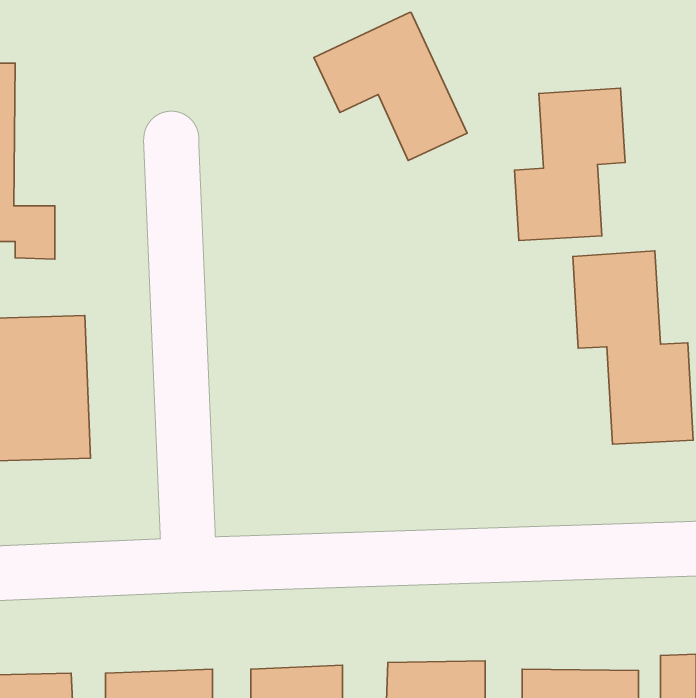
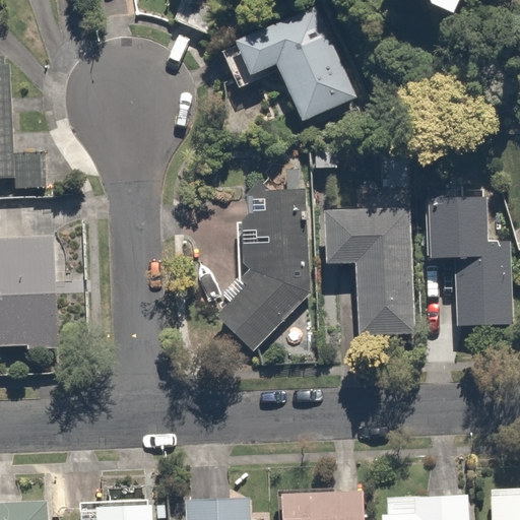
building: [515,88,625,240] -> none
building: none -> [211,168,313,351]
building: none -> [323,209,417,337]

